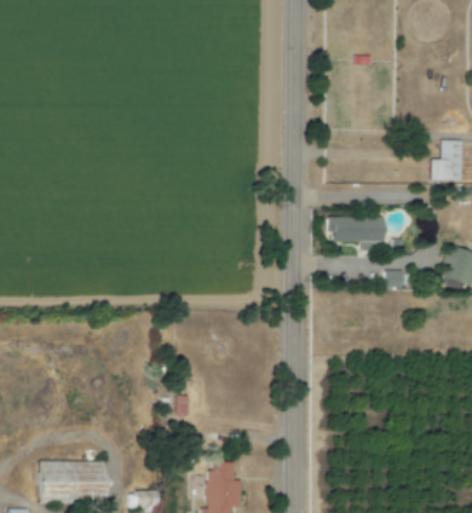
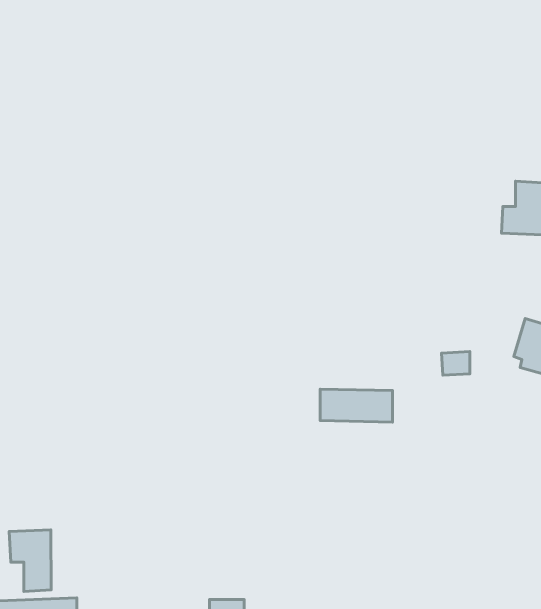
building: [328,218,384,243] -> [320,389,393,422]
building: none -> [9,530,51,591]

